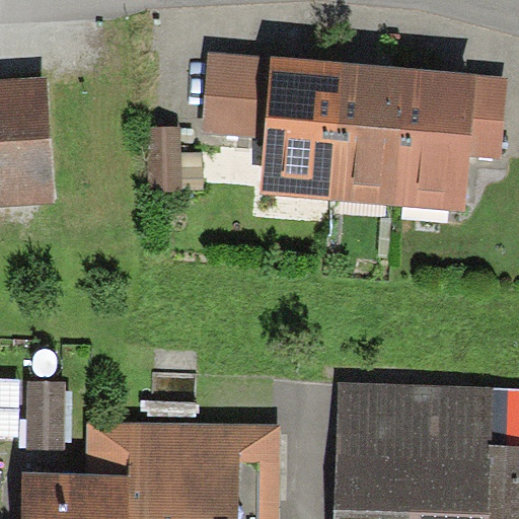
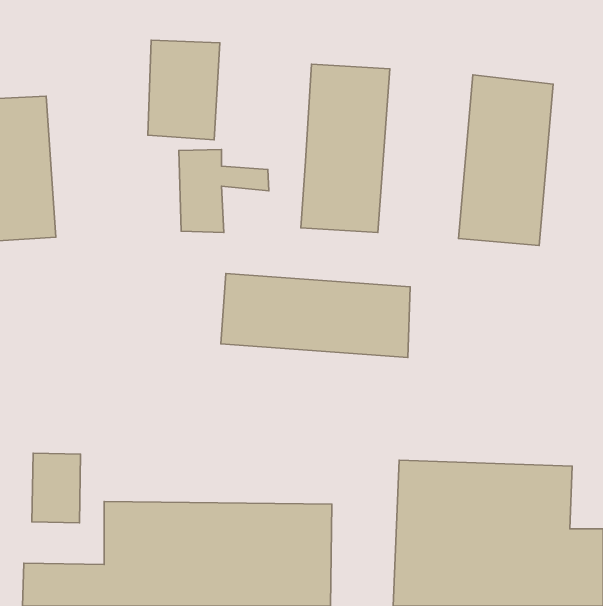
building: [205,53,267,138] -> [148,40,220,140]
building: [323,59,404,204] -> none
building: none -> [221,274,410,357]

